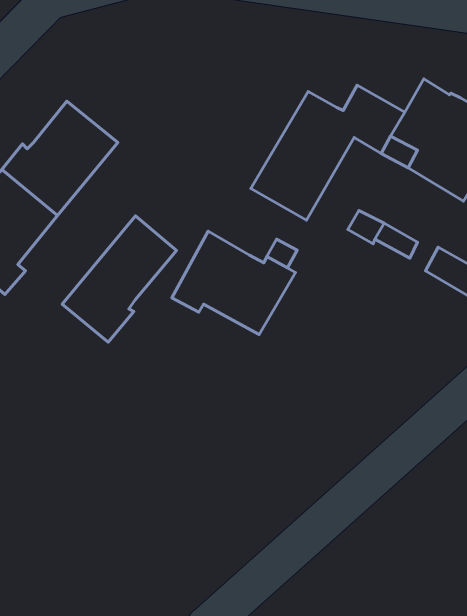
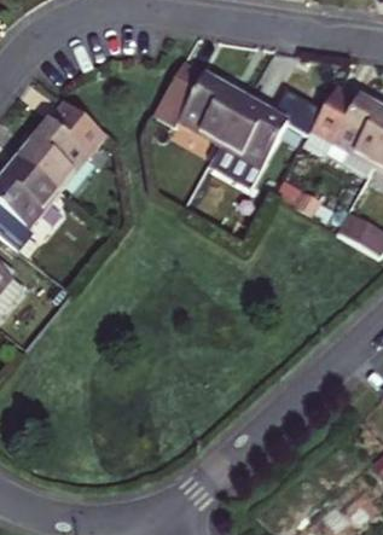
building: [62,216,177,342] -> none
building: [172,231,296,334] -> [156,63,250,141]

